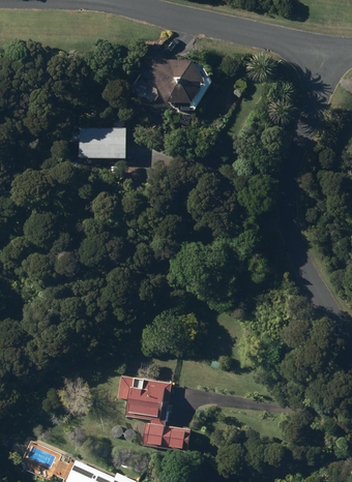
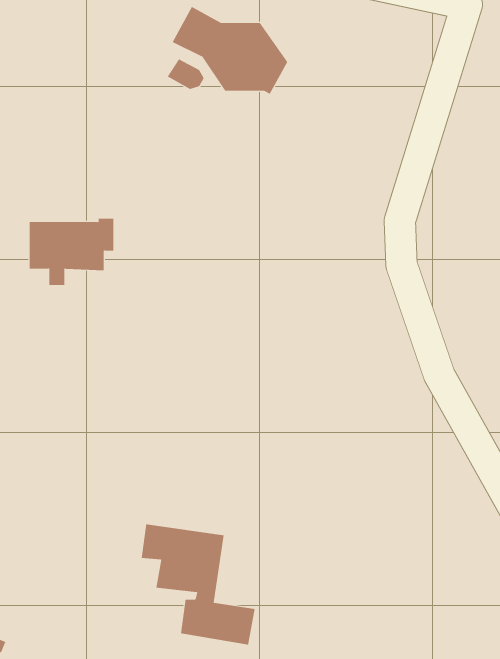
building: [79,126,133,169] -> [29,218,114,285]

